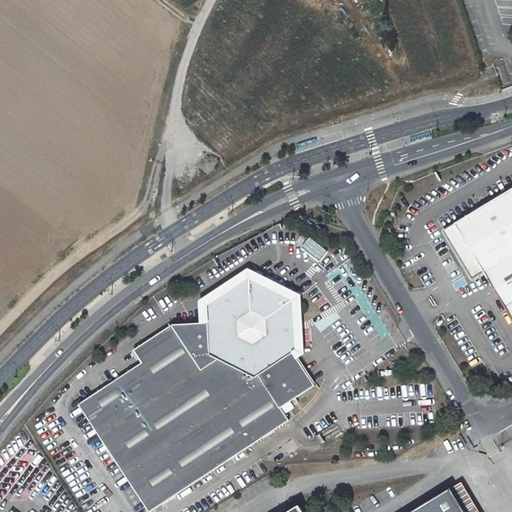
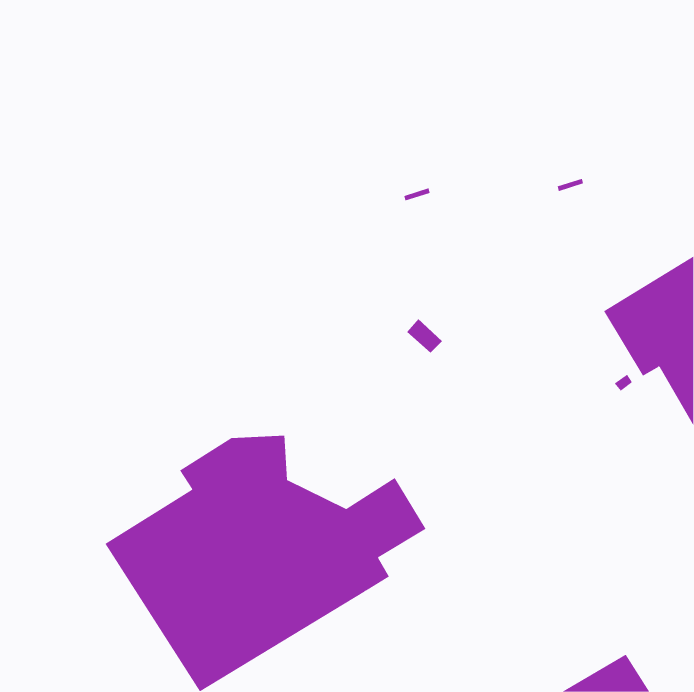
building: [210,278,295,374] -> none

